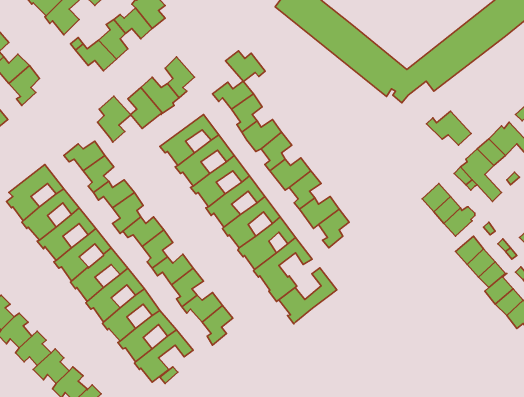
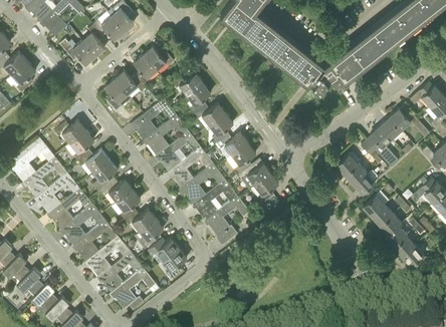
building: [226,51,265,81] -> [144,45,175,69]
building: [97,96,131,142] -> none
building: [427,111,471,145] -> none
building: [279,268,337,324] -> none

